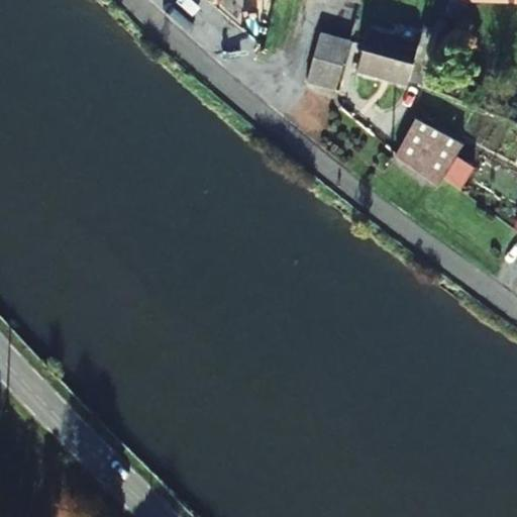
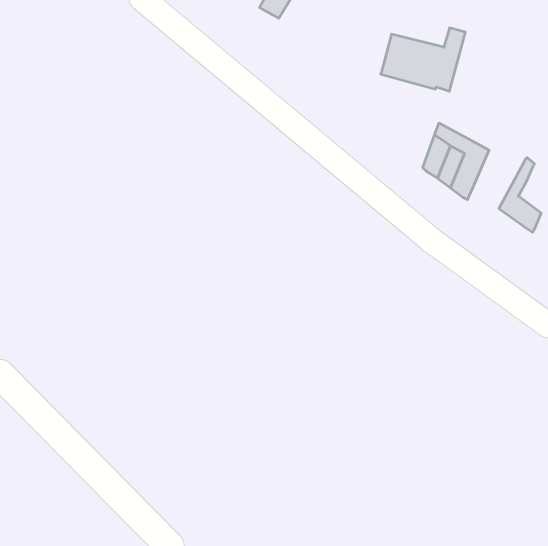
building: [307,31,349,88] -> none
building: none -> [499,158,541,232]

